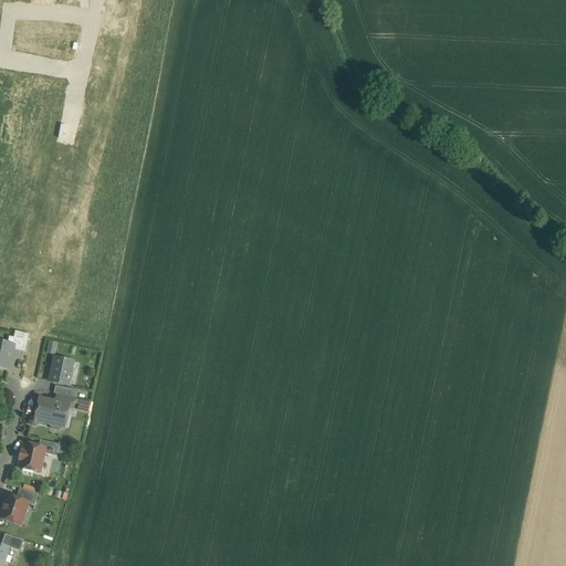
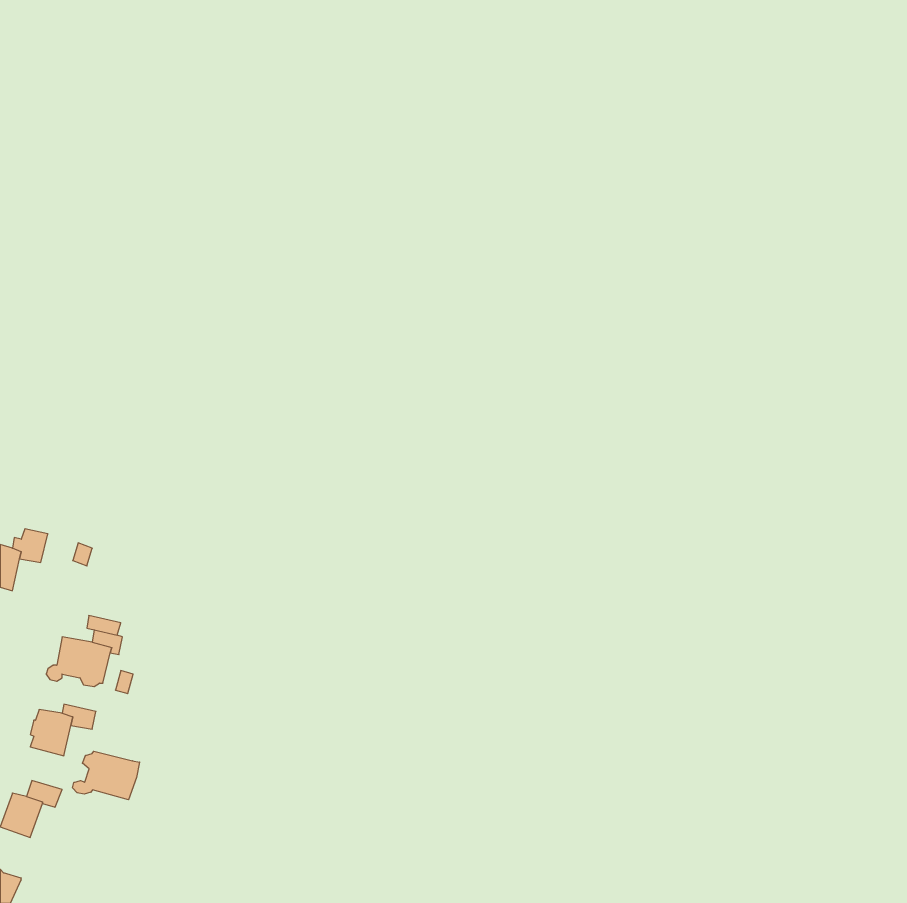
building: [50,356,73,384] -> none
building: none -> [73,751,140,800]

